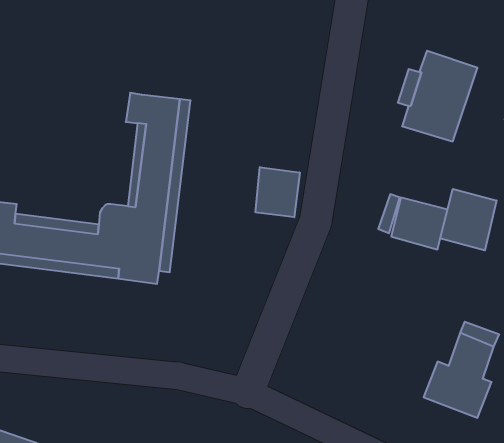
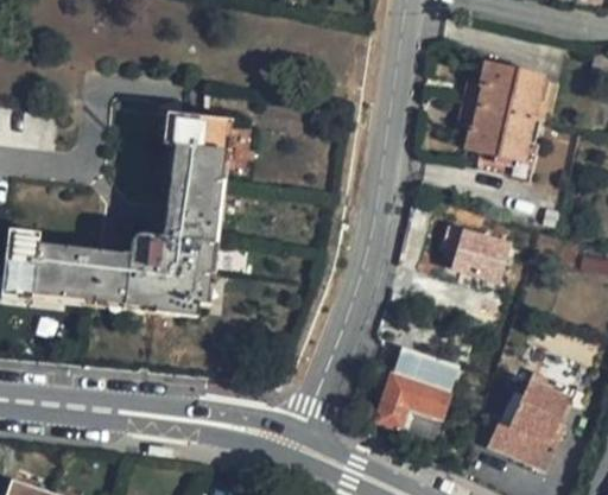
building: [256,167,300,217] -> none
building: [440,189,497,250] -> none
building: none -> [378,348,458,440]

